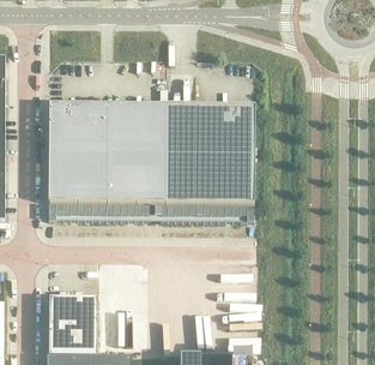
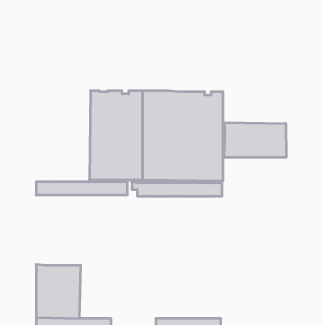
building: [49,101,110,201] -> none
building: none -> [224,123,286,157]

